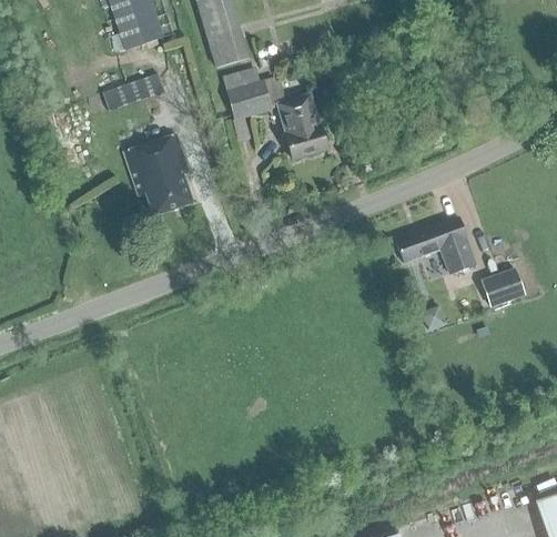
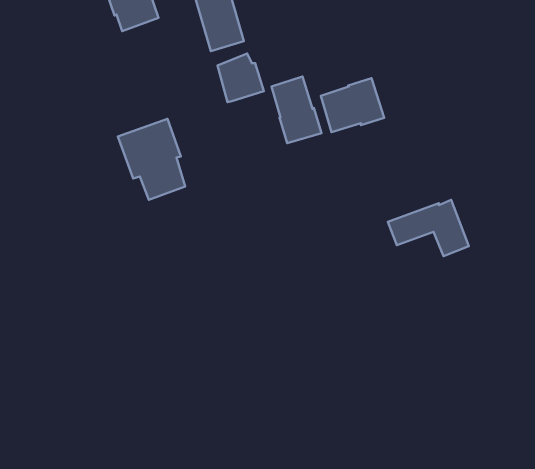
building: [103,71,165,109] -> none
building: none -> [321,78,384,132]
building: [483,267,527,307] -> none

